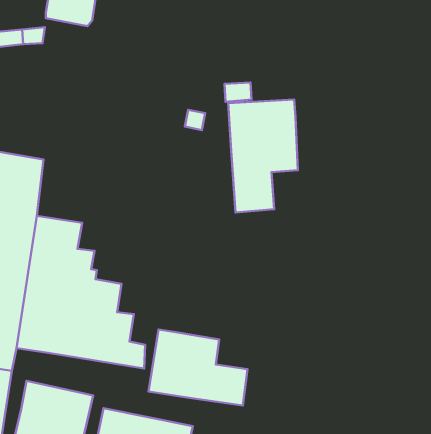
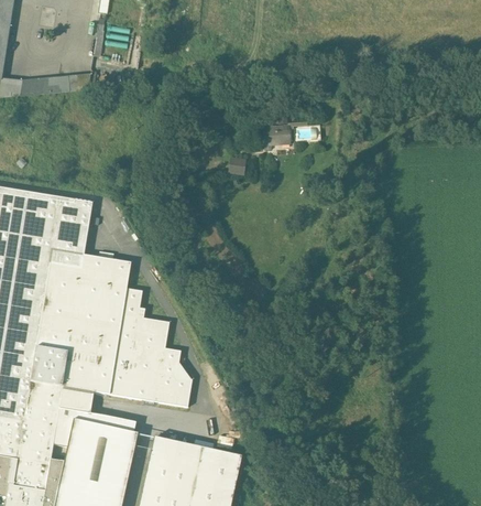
building: [228,100,298,212] -> none
building: [148,330,248,406] -> none
building: none -> [54,387,136,446]

